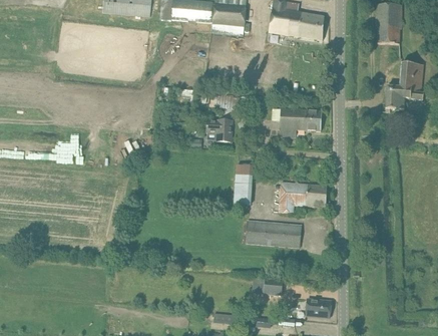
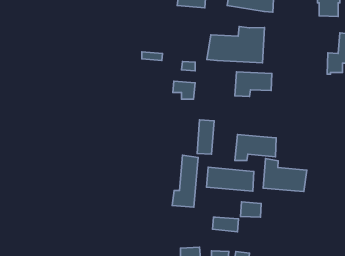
building: none -> [207,27,265,63]
building: none -> [172,155,198,207]
building: none -> [263,158,307,192]
building: [307,298,331,316] -> [241,202,261,217]

